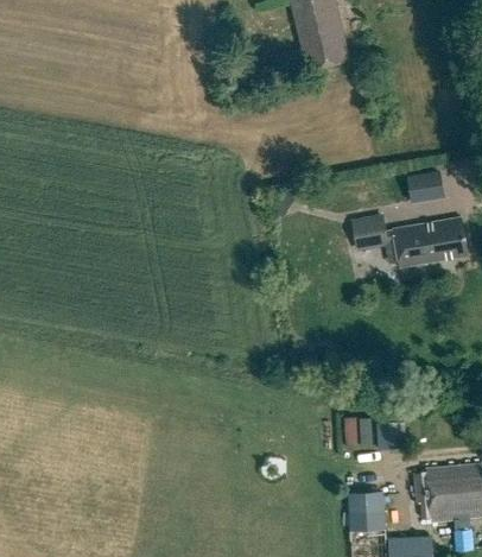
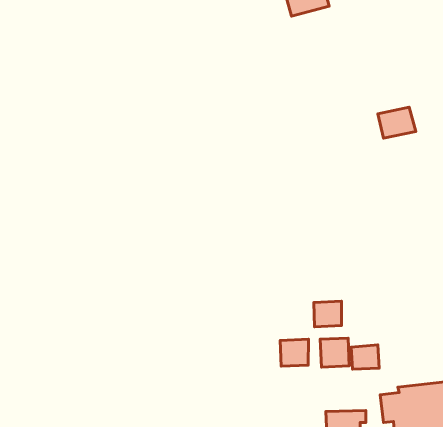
building: [351,217,464,266] -> none
building: none -> [314,301,342,327]
building: none -> [280,339,308,366]

